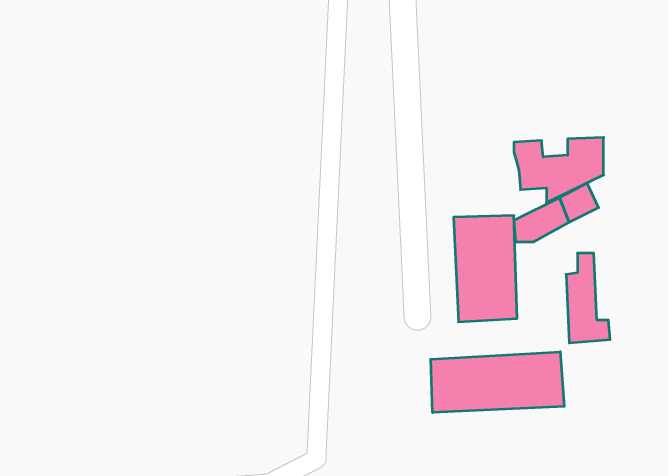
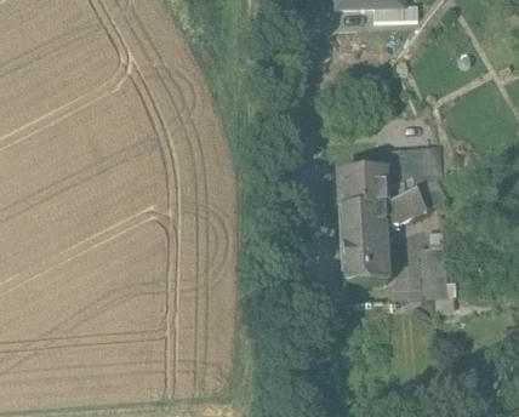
building: none -> [338,168,389,204]
building: [431,352,564,413] -> none

